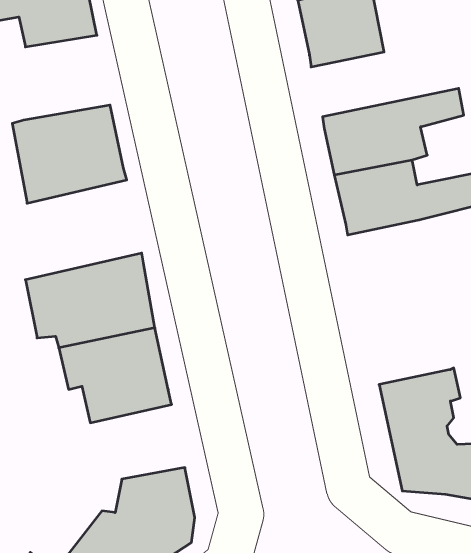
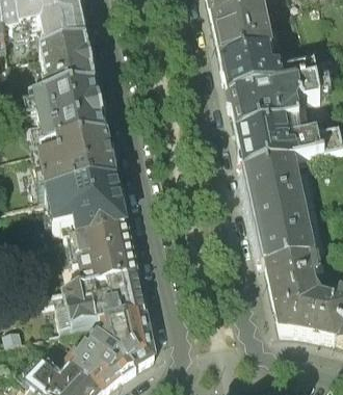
building: none -> [39,38,97,91]
building: none -> [222,49,315,89]
building: none -> [37,129,116,191]
building: none -> [245,154,310,257]
building: none -> [50,269,143,324]

